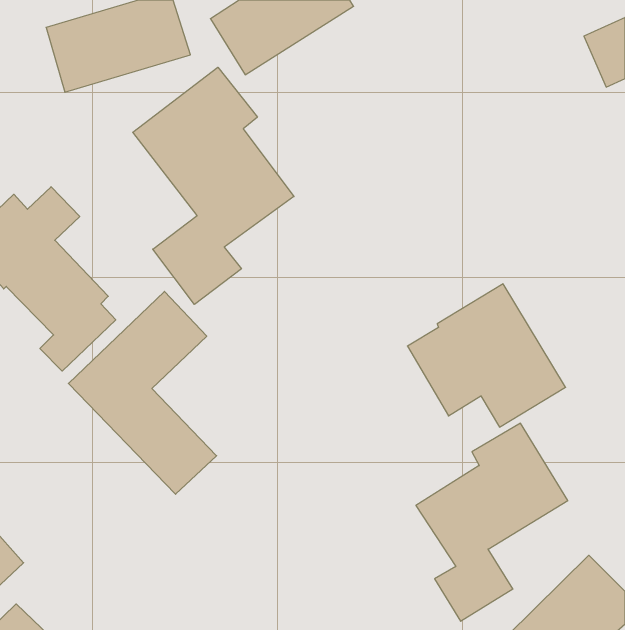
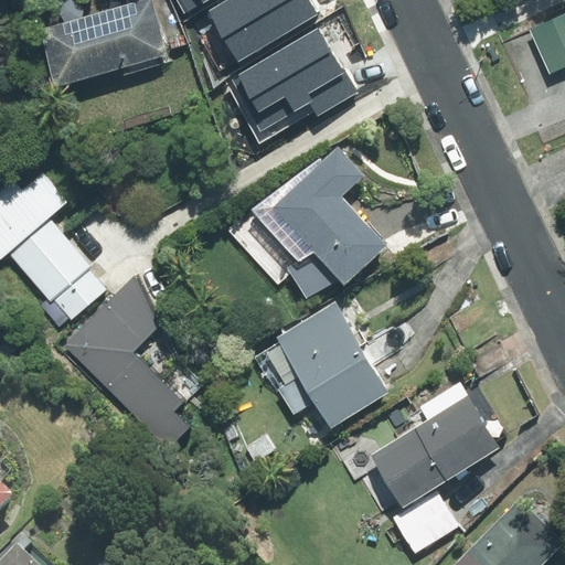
building: none -> [236,26,353,130]
building: [133,67,294,304] -> none
building: none -> [254,142,386,300]
building: [407,284,566,427] -> [252,300,392,427]

